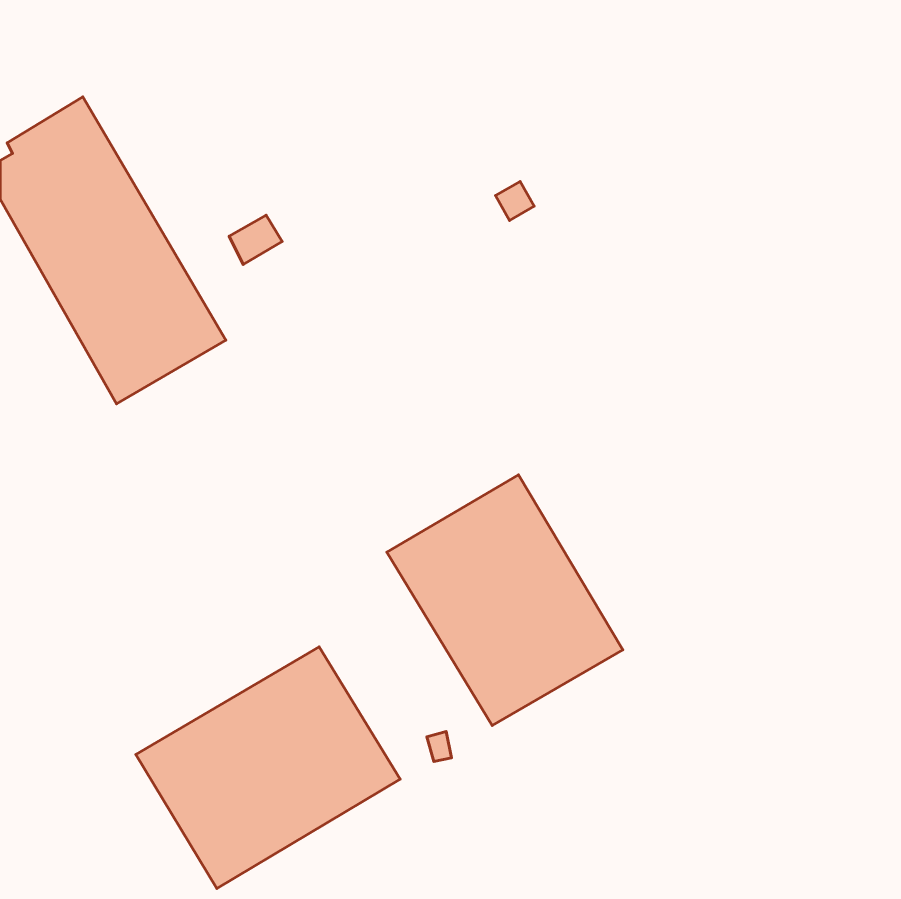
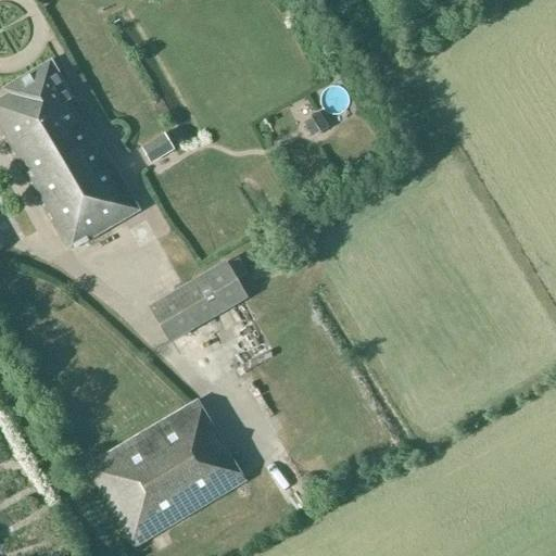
building: none -> [148,257,249,342]
building: [387,475,623,726] -> none

